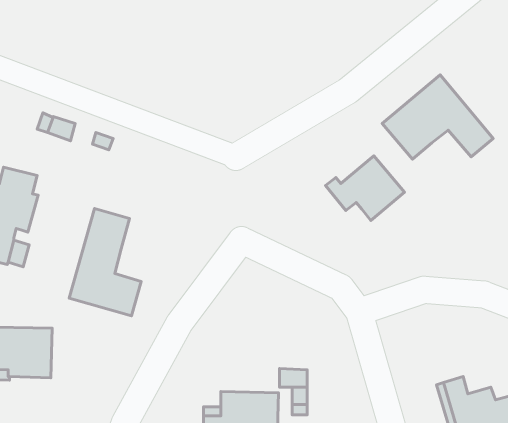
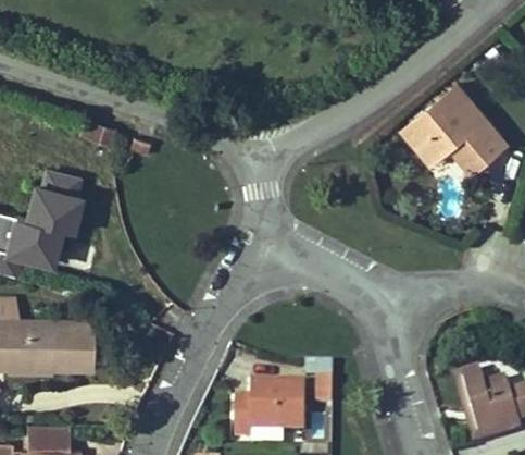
building: [326,156,404,220] -> none
building: [69,209,141,316] -> none

